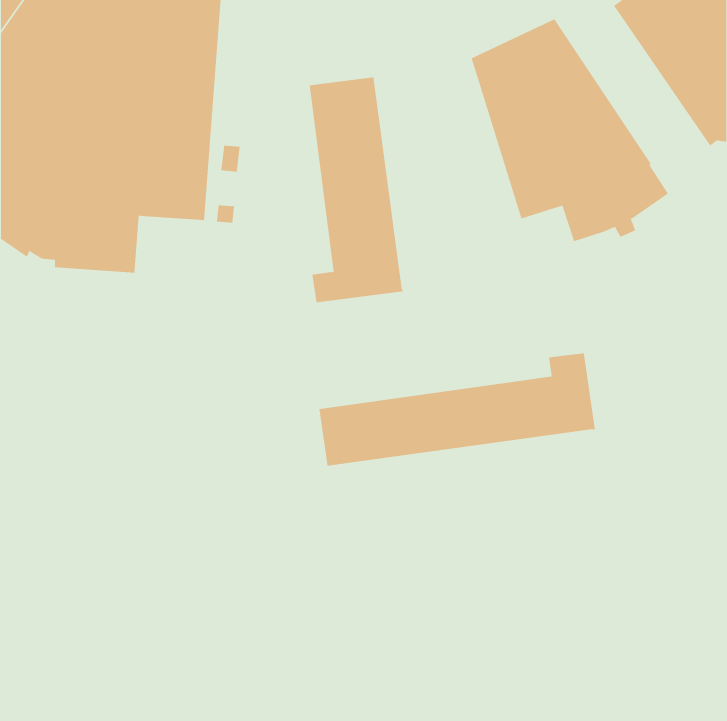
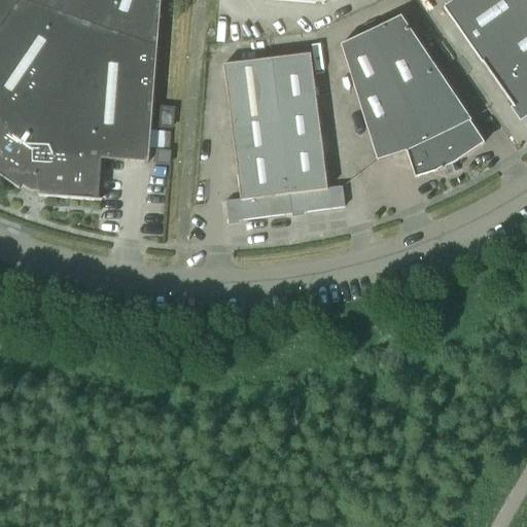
building: none -> [271,51,345,210]
building: [319,352,596,466] -> none

